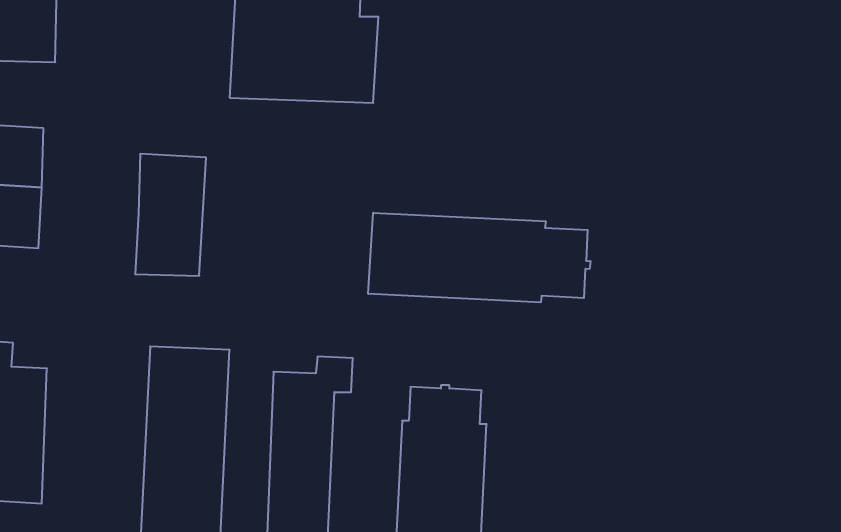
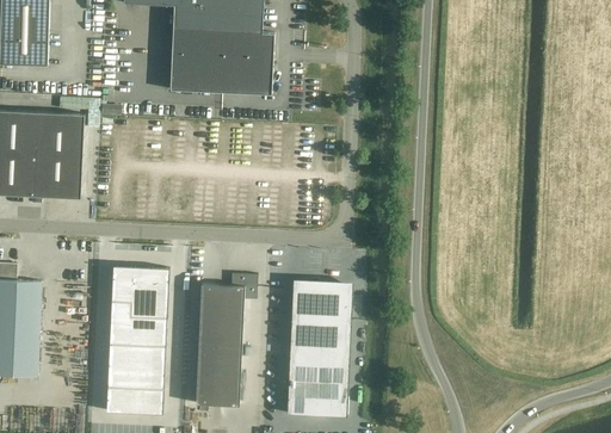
building: [135,154,206,276] -> [35,111,85,197]
building: [368,213,590,302] -> none

